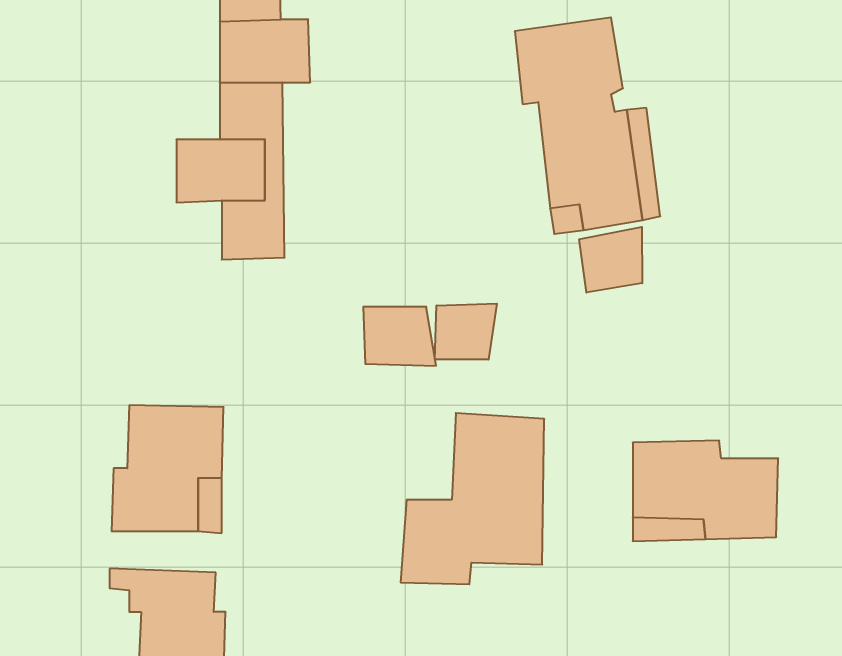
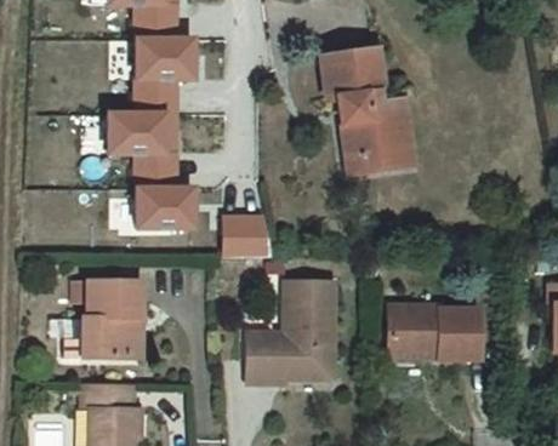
building: [579,227,642,293] -> none
building: none -> [140,189,195,229]
building: [435,304,497,360] -> none

